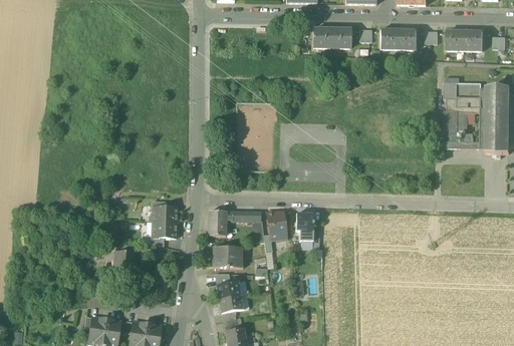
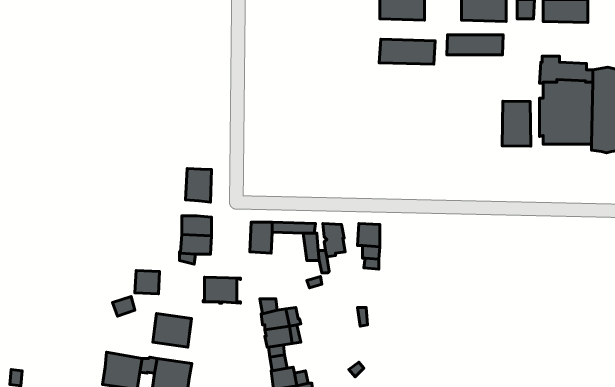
building: none -> [447,35,503,55]
building: none -> [379,39,435,64]
building: none -> [502,101,531,146]
building: none -> [185,168,211,202]
building: [214,247,244,268] -> [203,277,240,303]
building: none -> [153,313,192,347]

